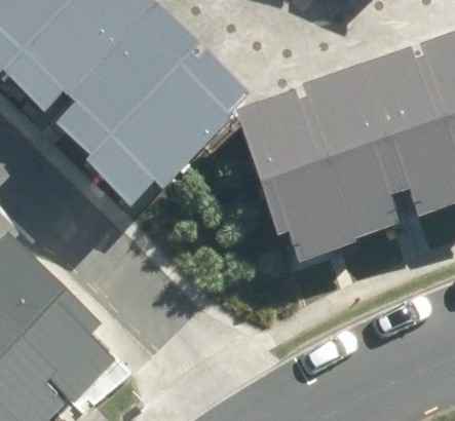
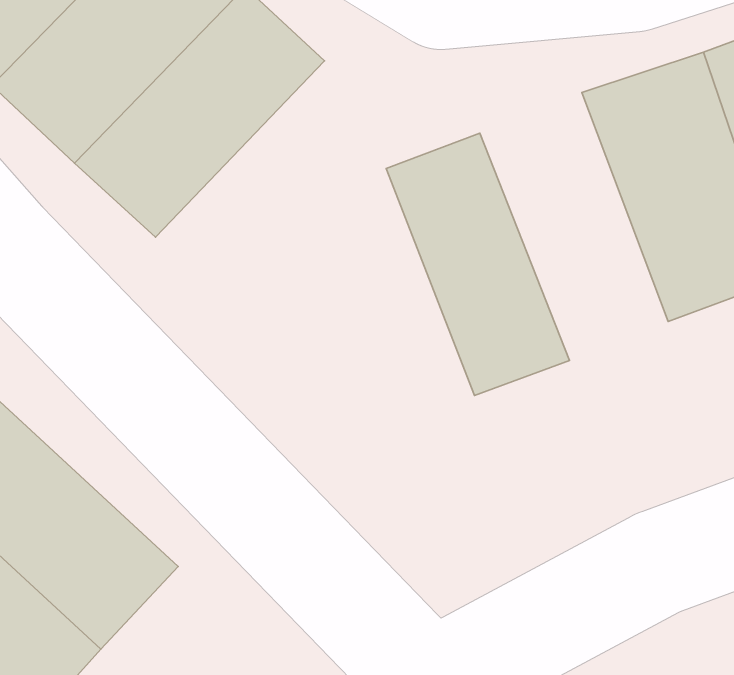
building: [103,56,243,199] -> none
building: [292,75,402,231] -> none

